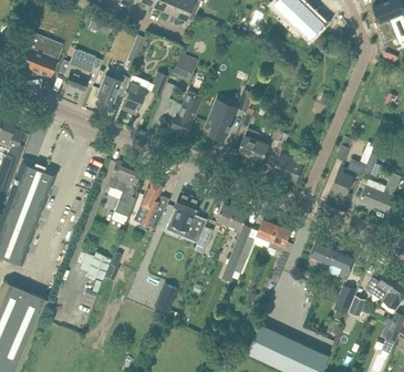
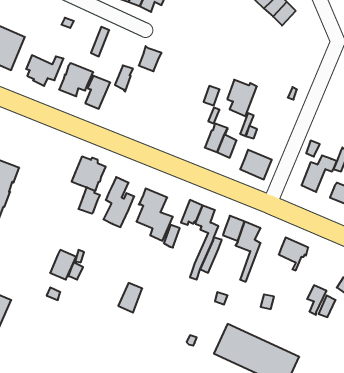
building: [169,91,201,135] -> none
building: [206,104,235,140] -> [227,80,257,116]
building: [325,249,355,280] -> none

